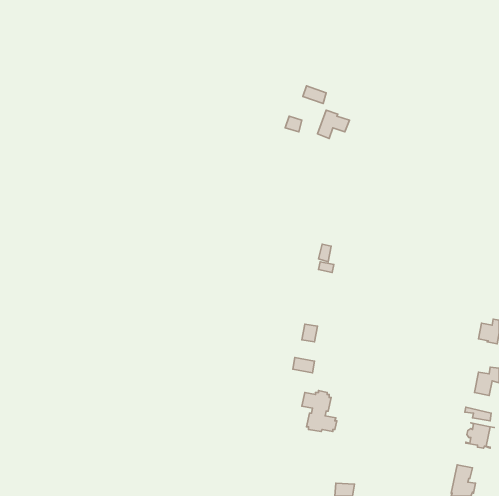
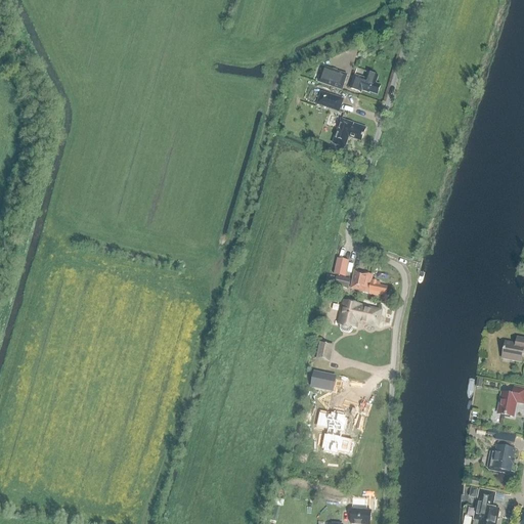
building: none -> [318,64,347,87]
building: none -> [350,70,381,91]
building: none -> [351,267,387,293]
building: none -> [338,297,380,330]

